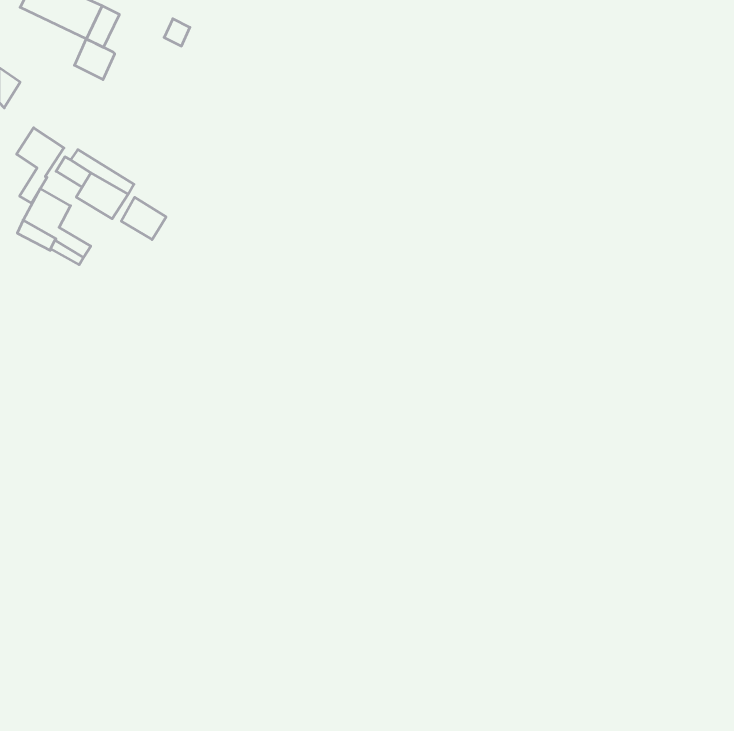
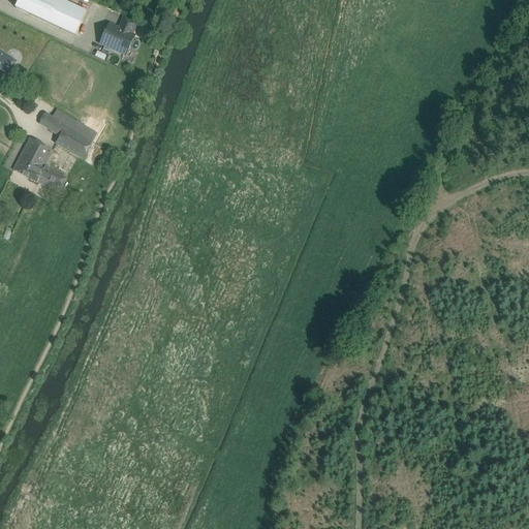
building: [74,39,115,80] -> [102,24,131,53]
building: [17,128,64,203] -> none
building: [121,197,166,240] -> none

